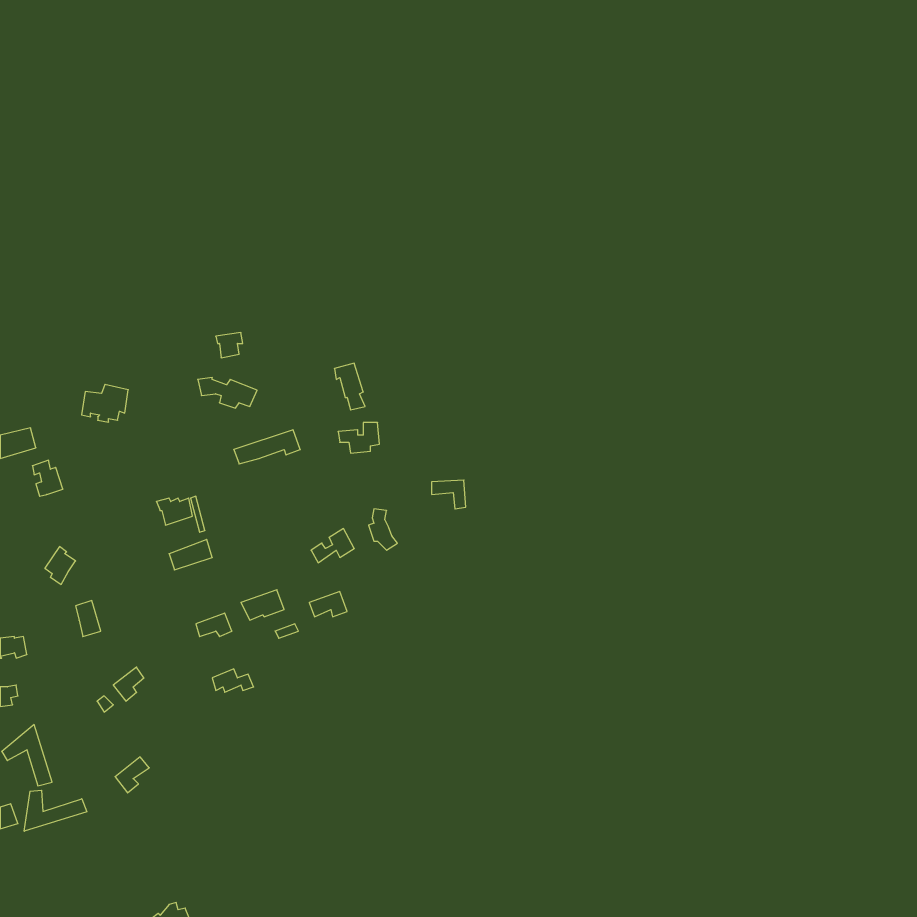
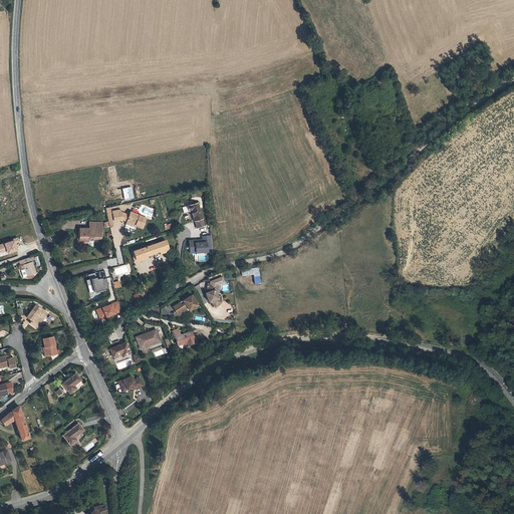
building: [82,384,128,422] -> [78,223,104,244]
building: [24,790,87,831] -> none

